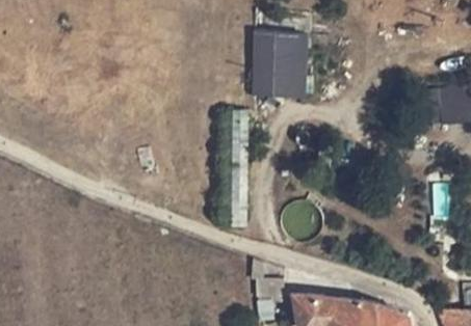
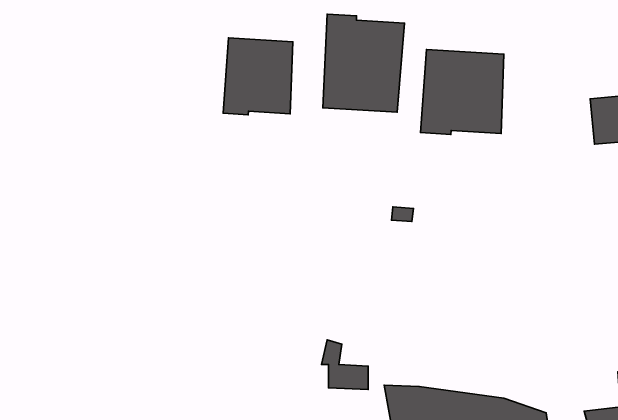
building: none -> [223,38,293,115]
building: none -> [421,50,504,135]

